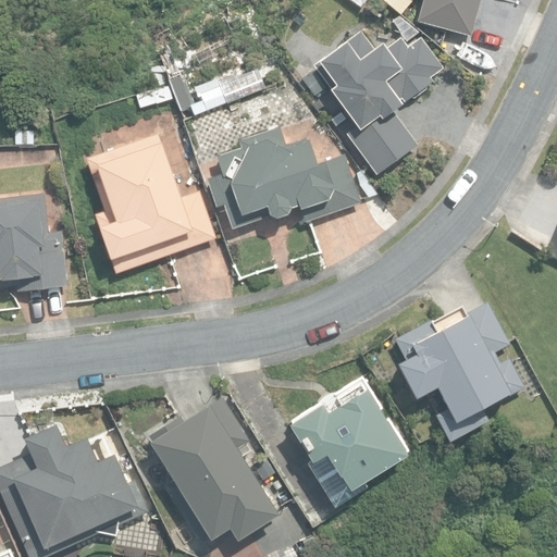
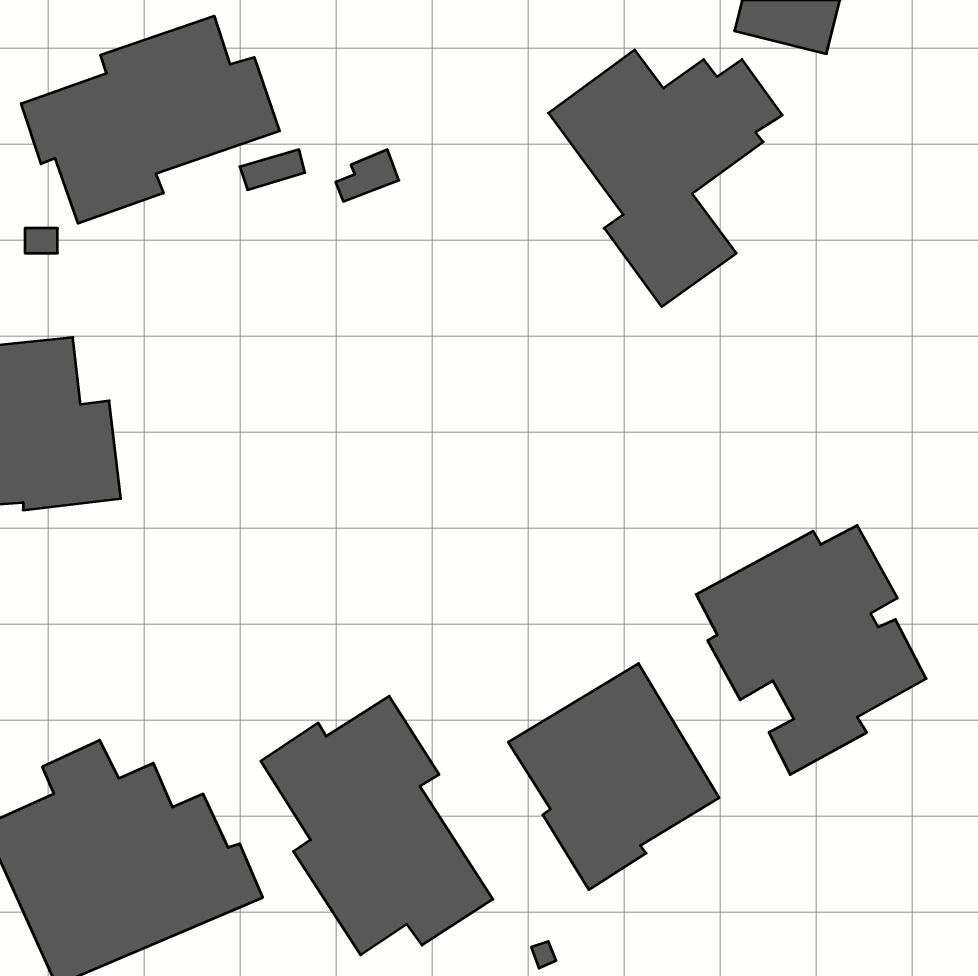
building: none -> [21,16,280,223]
building: [205,125,362,230] -> none
building: [87,134,218,274] -> none

